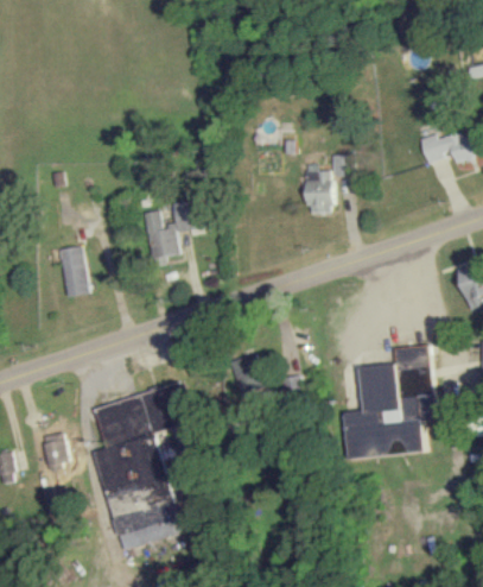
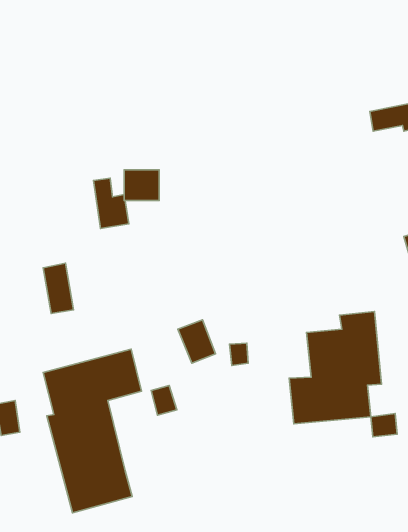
building: [306,154,352,213] -> none
building: [59,245,90,296] -> [43,263,74,313]
building: none -> [151,386,177,415]
building: none -> [371,413,397,437]

